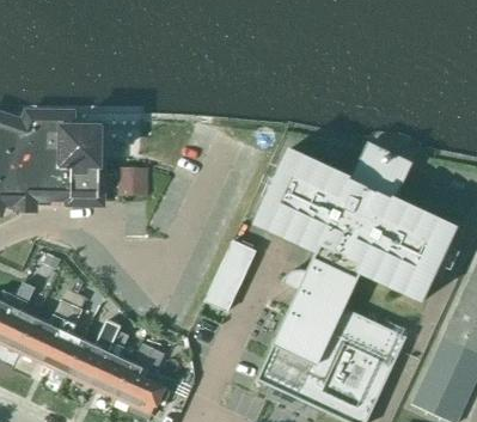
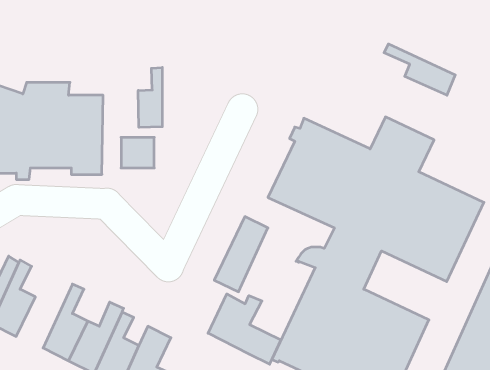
building: none -> [384,44,455,95]
building: none -> [138,67,162,127]
building: [19,299,72,363] -> none
building: none -> [208,294,281,364]

